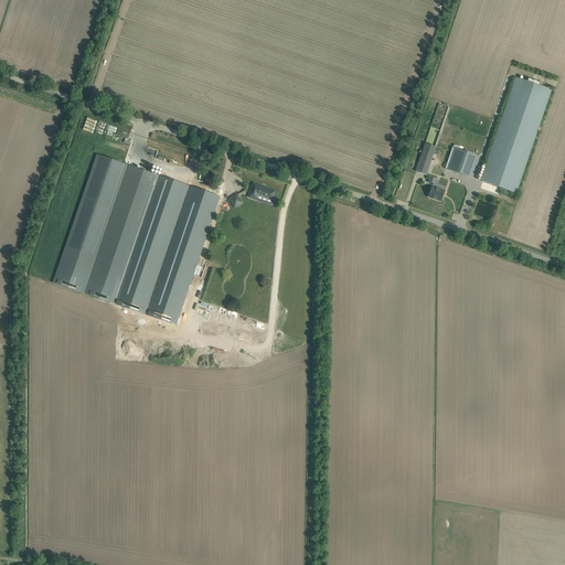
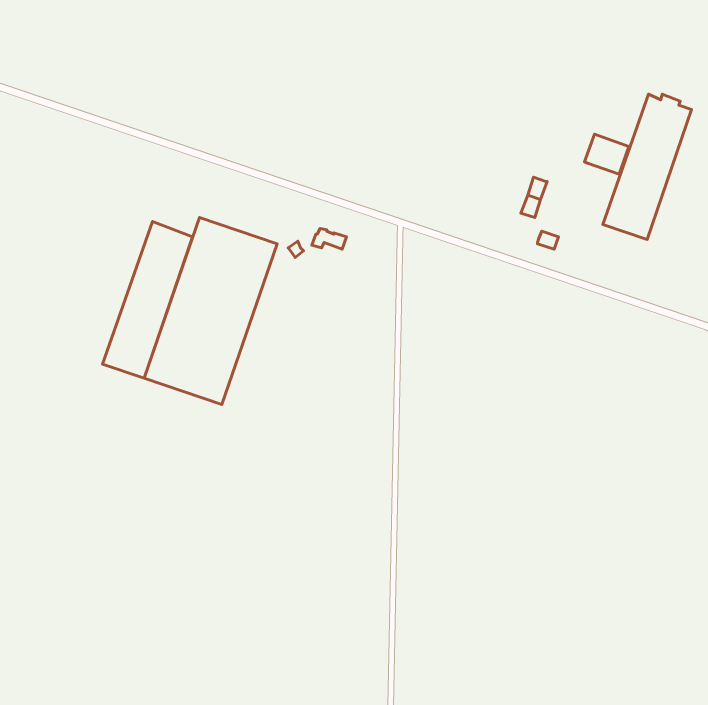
building: [445,145,480,177] -> [585,134,629,174]
building: [53,152,159,290] -> none

